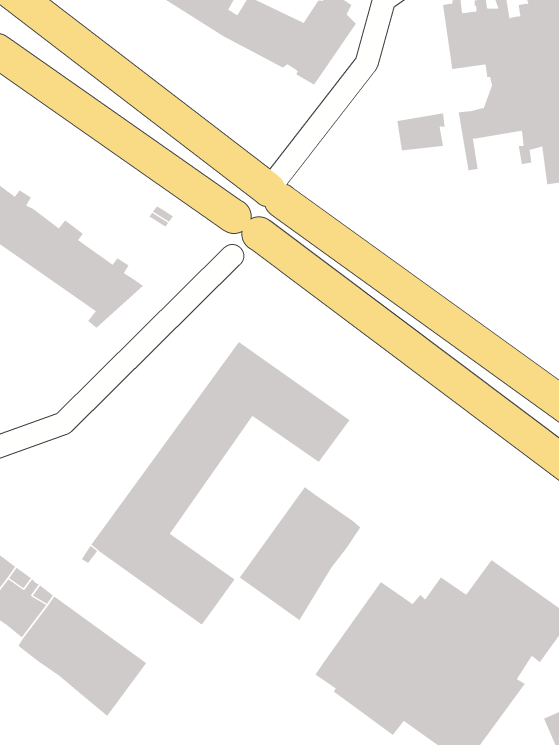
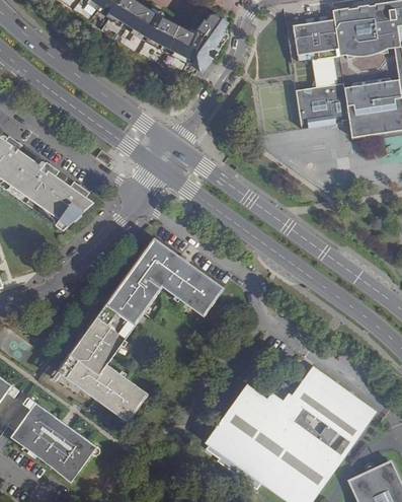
building: [396,113,445,151] -> [305,102,336,127]
building: [239,486,361,621] -> none

